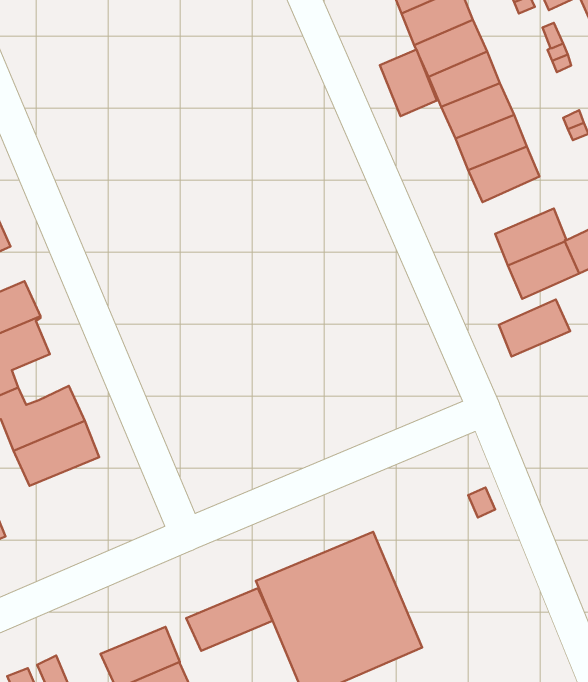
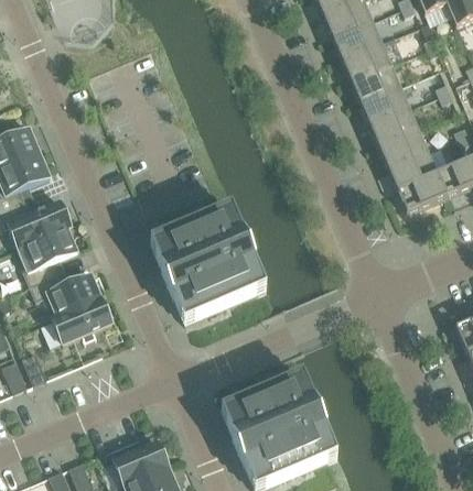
building: [380,50,437,116] -> none
building: none -> [150,206,266,321]
building: [499,300,570,357] -> [378,127,428,166]
building: [186,588,273,651] -> none

